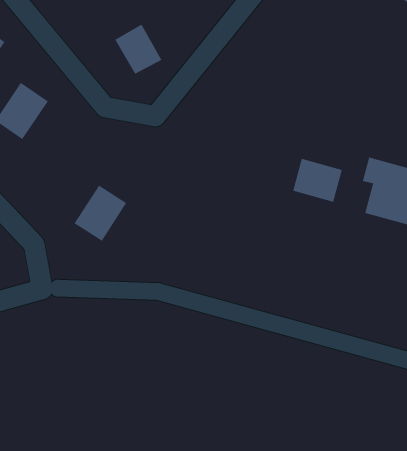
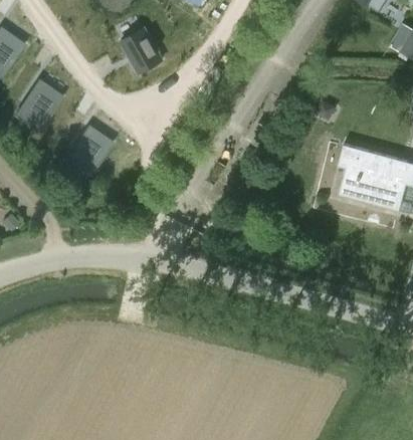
building: [292,158,343,203] -> none
building: [73,185,127,242] -> [65,127,113,177]

